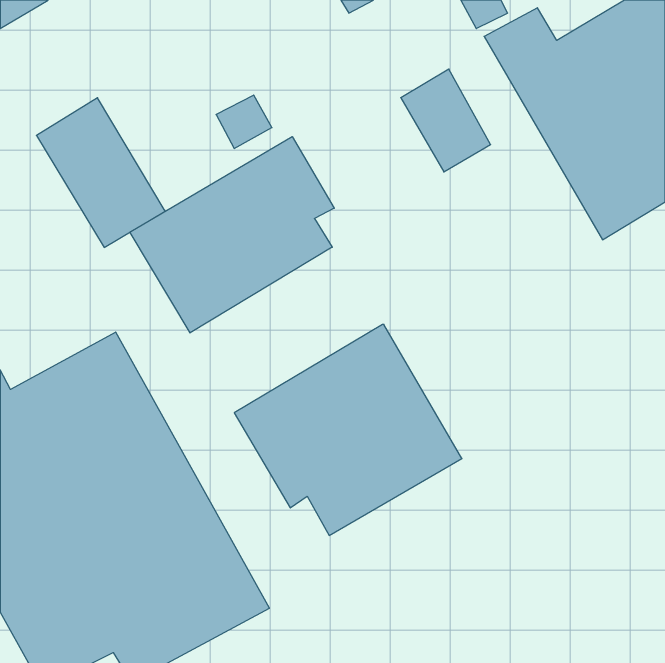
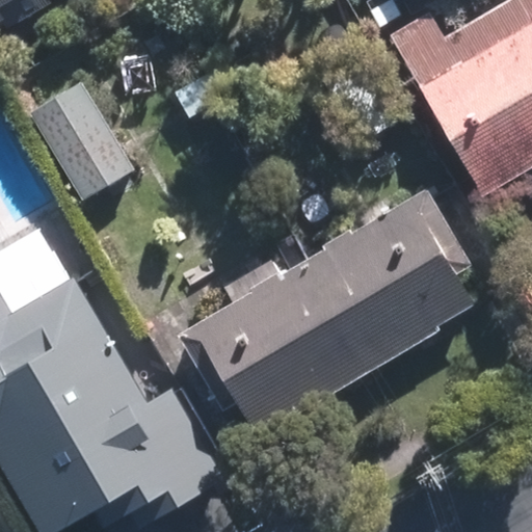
building: [130,137,334,333] -> none
building: none -> [307,186,481,368]

